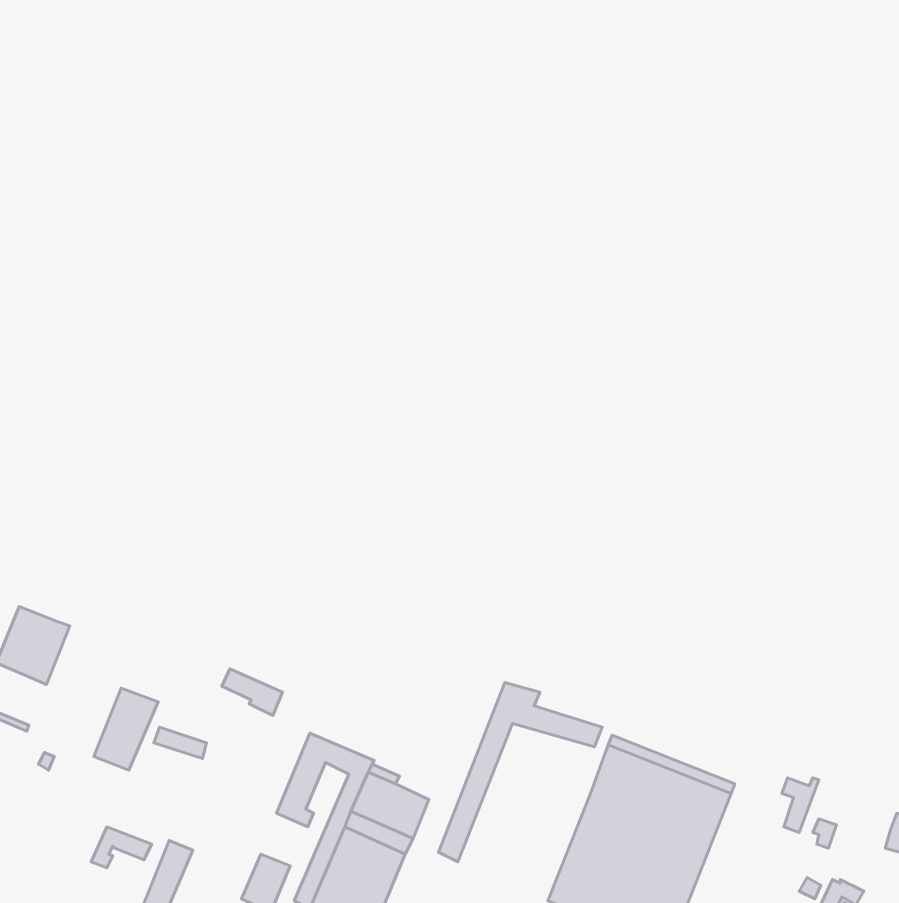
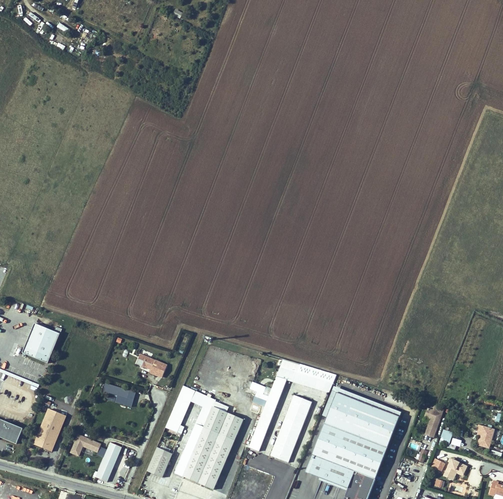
building: [94,688,158,770] -> [33,409,66,451]
building: none -> [270,397,311,463]

